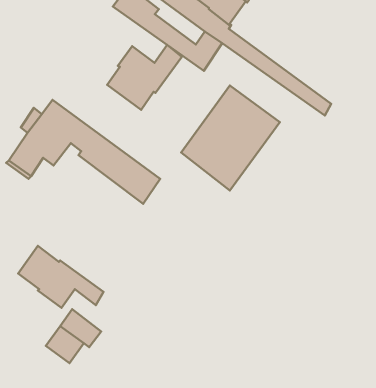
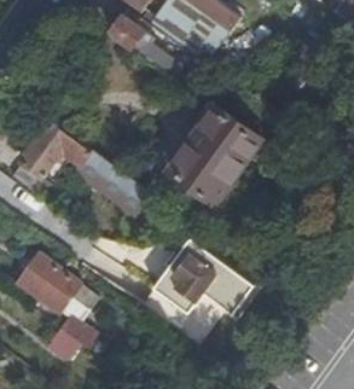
building: [107,45,182,110] -> none
building: none -> [152,239,254,315]

